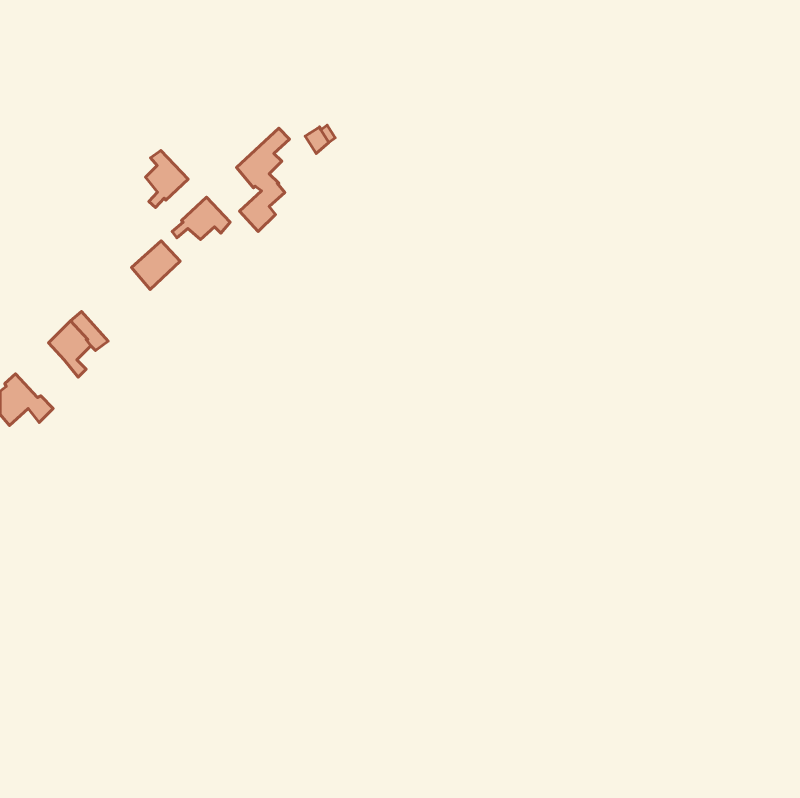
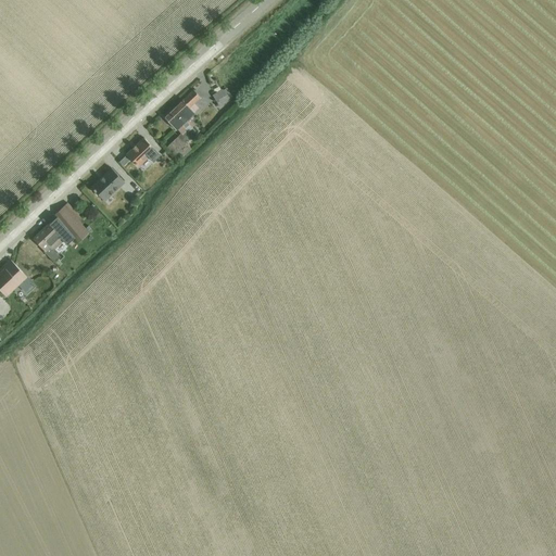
building: [146,150,188,207] -> none
building: none -> [54,202,92,241]

